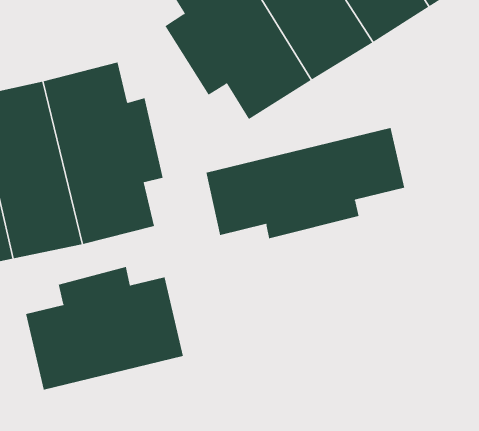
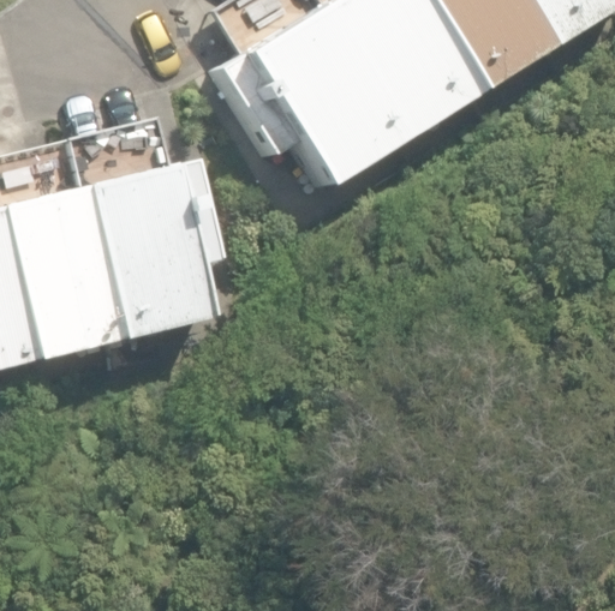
building: [206,127,405,239] -> none
building: [26,266,183,390] -> none

